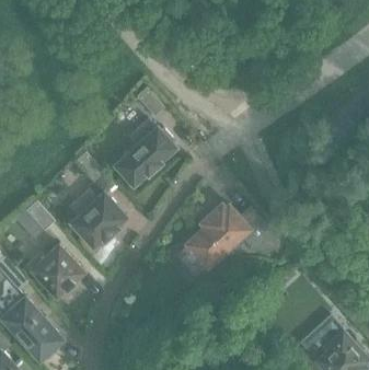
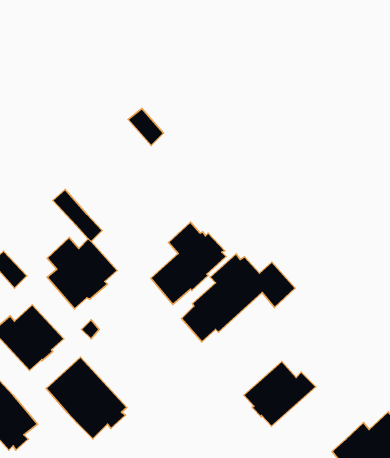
building: [115,119,175,185] -> [151,222,226,304]
building: none -> [46,357,127,439]
building: none -> [244,361,316,426]

